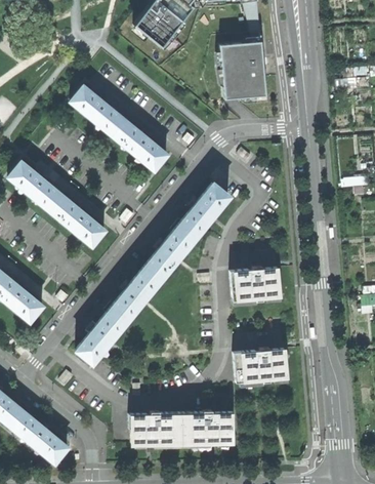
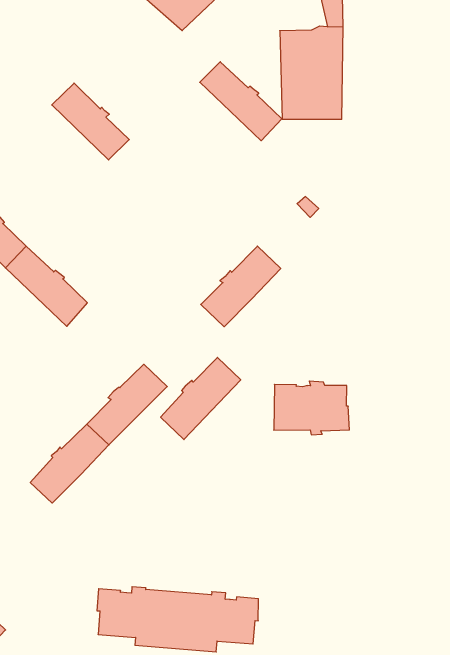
building: [113,121,168,170] -> [200,62,282,141]
building: [147,225,197,280] -> [161,357,241,440]
building: [237,350,291,385] -> none

